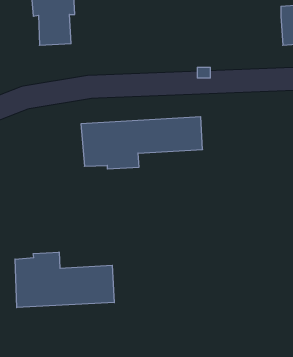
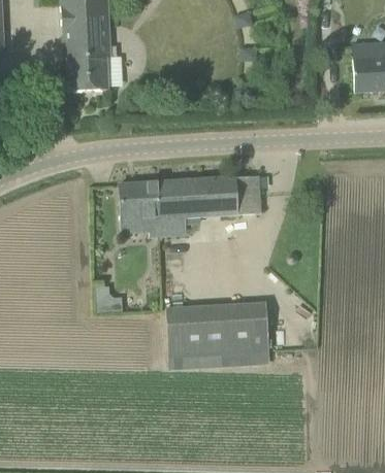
building: none -> [167,301,268,366]
building: [15,252,114,308] -> none

